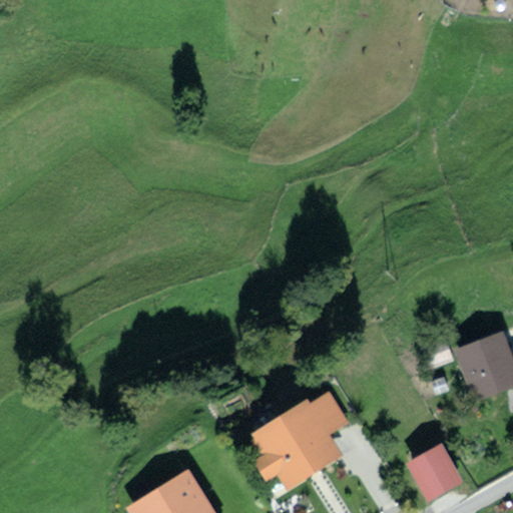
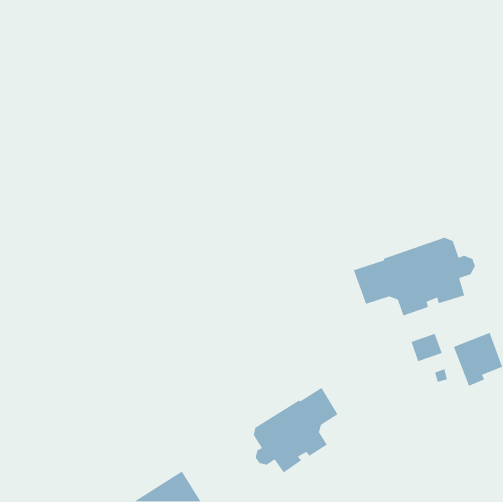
building: none -> [353,237,476,316]
building: [412,449,456,495] -> none

